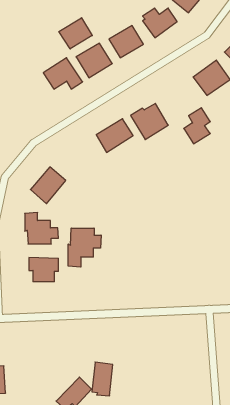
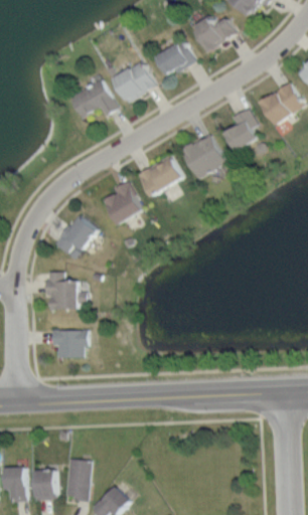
building: [59,18,92,49] -> none
building: [184,108,210,144] -> [225,108,259,153]
building: none -> [105,182,142,223]
building: [68,228,101,267] -> none
building: [92,362,113,396] -> [61,457,88,499]
building: none -> [30,468,53,498]

